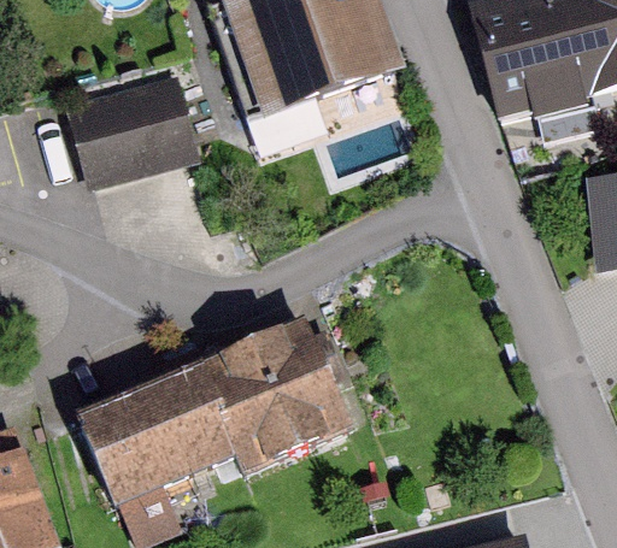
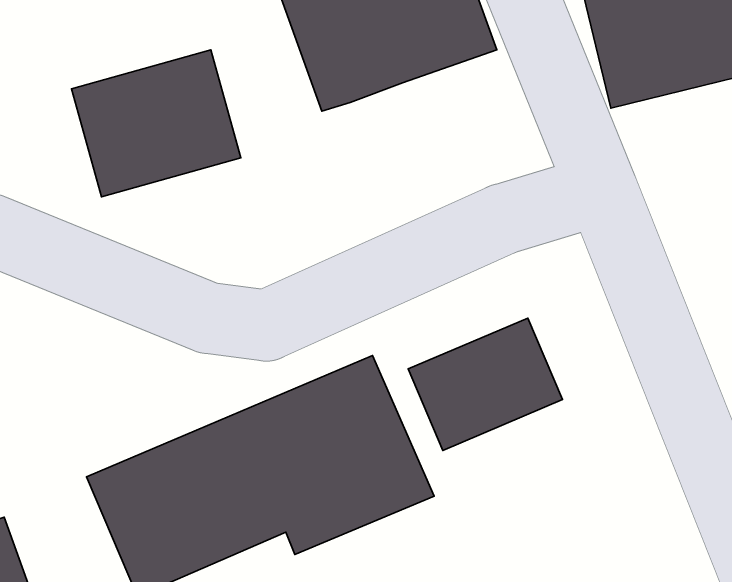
building: none -> [408,318,563,450]

